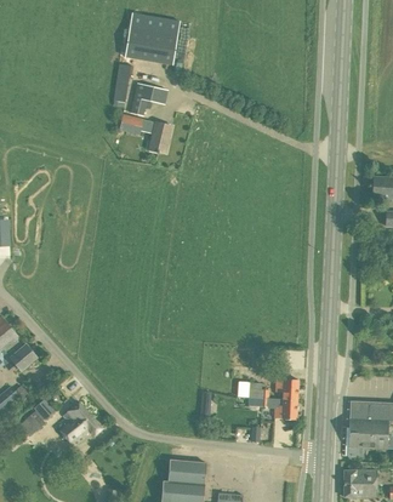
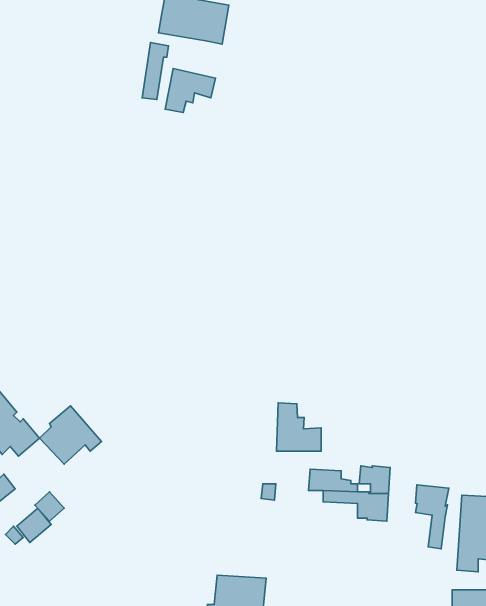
building: [118,113,171,153] -> none
building: none -> [277,403,321,451]
building: none -> [415,485,449,549]
building: [56,401,102,445] -> [40,406,102,464]

